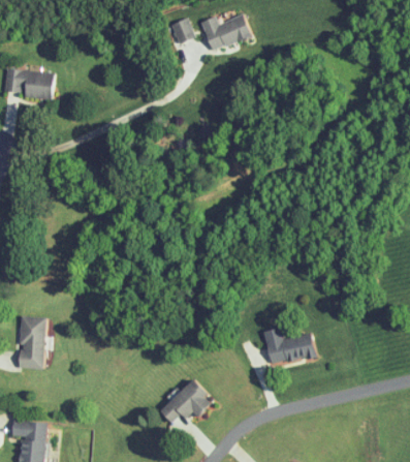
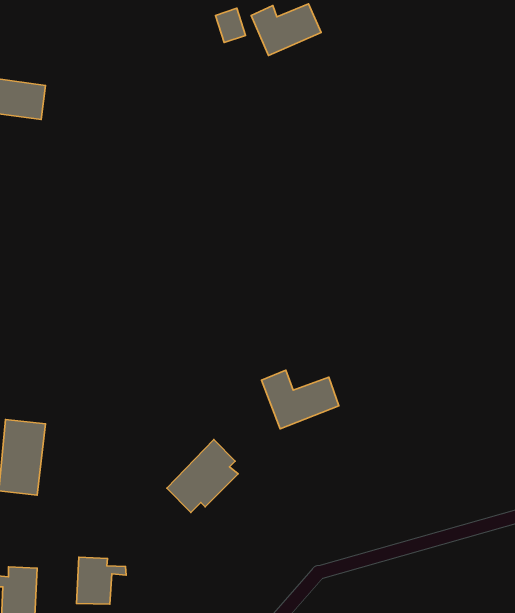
building: [259,326,315,368] -> [262,370,339,429]
building: [158,376,210,429] -> [167,440,238,512]
building: none -> [77,557,126,604]

